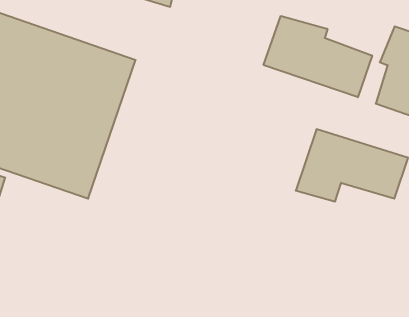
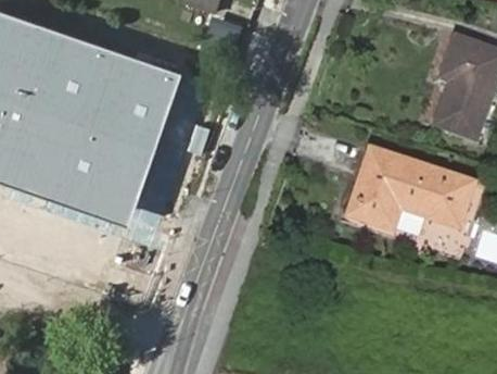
building: [264,16,372,97] -> none

